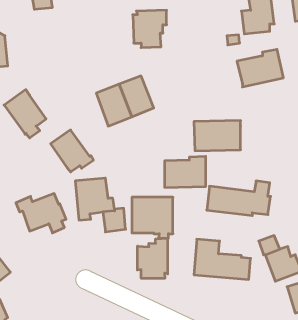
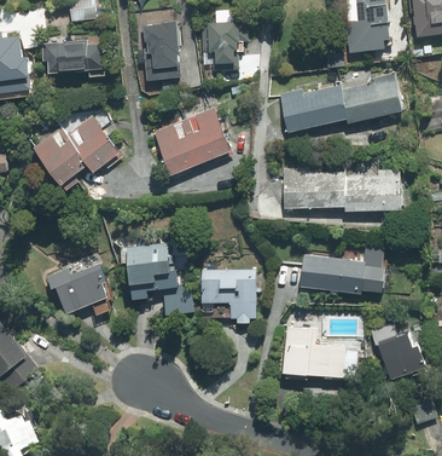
building: none -> [143,23,181,80]
building: none -> [42,40,105,77]
building: none -> [280,86,348,132]
building: [51,130,93,172] -> [66,116,123,172]
building: [165,156,206,187] -> [345,169,400,210]
building: [137,238,168,278] -> none

